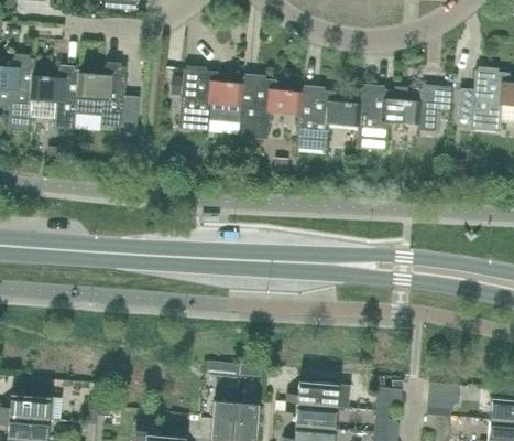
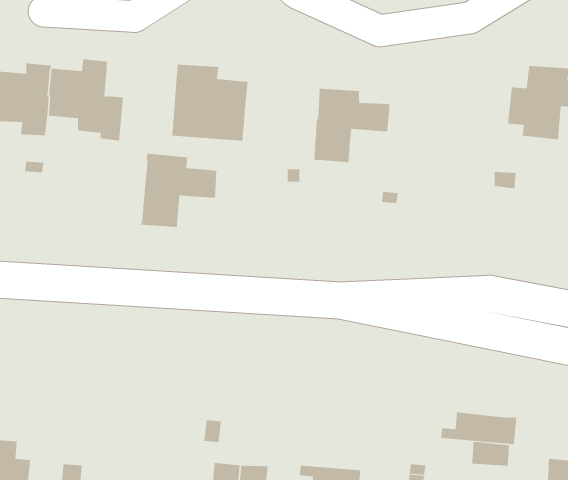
building: [238,77,302,139] -> [140,153,217,228]
building: [357,85,451,149] -> none
building: [286,380,350,408] -> [440,412,517,445]

